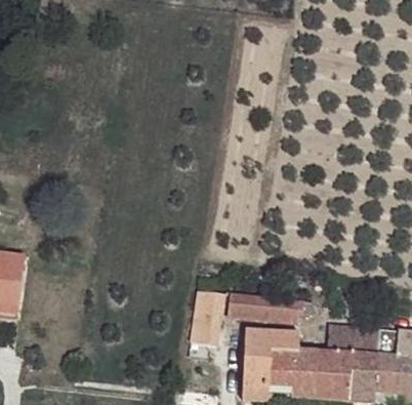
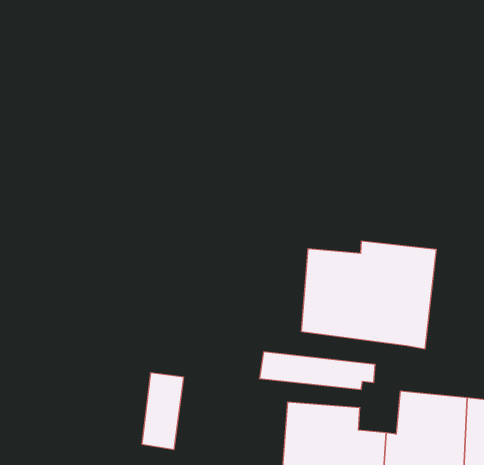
building: none -> [302,241,436,349]
building: [193,292,223,349] -> [142,373,184,450]

